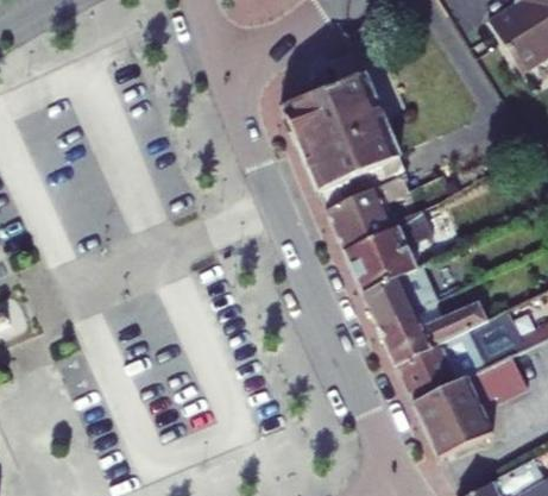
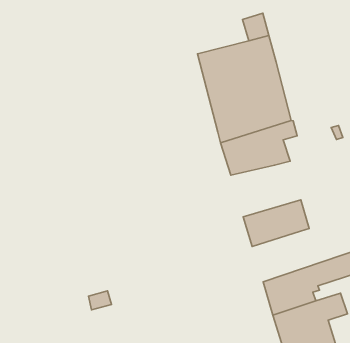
building: [344,225,429,291] -> none
building: [380,299,487,364] -> none

